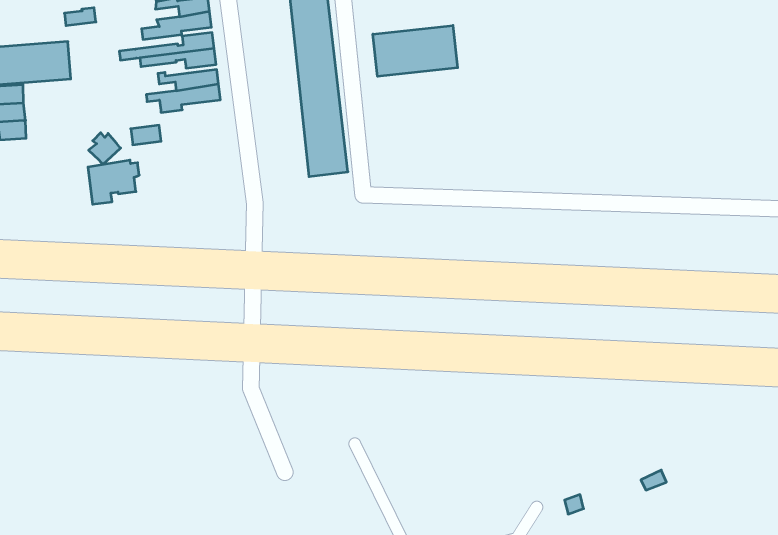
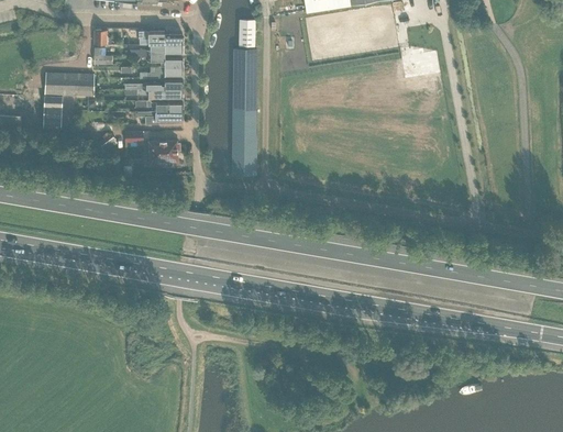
building: [373,25,458,76] -> none
building: [88,160,139,204] -> [150,141,180,165]

